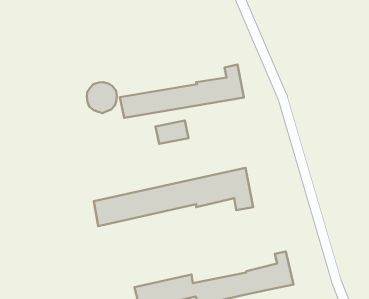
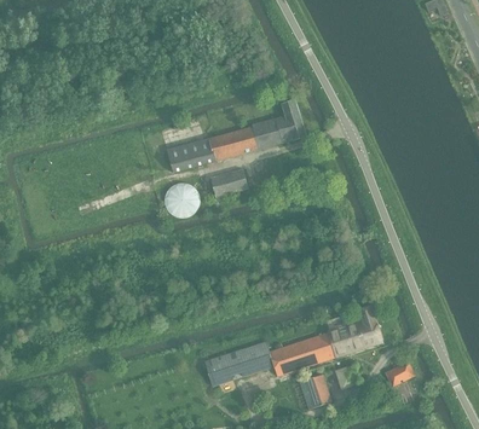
building: [87,82,117,113] -> [165,181,198,216]
building: [94,168,253,226] -> none

